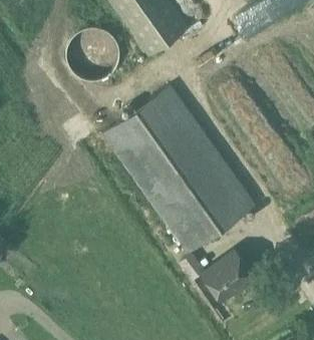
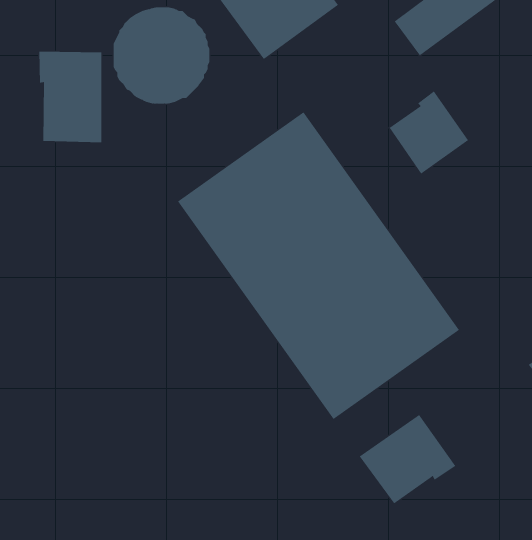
building: none -> [39,51,102,143]
building: none -> [389,90,469,175]

